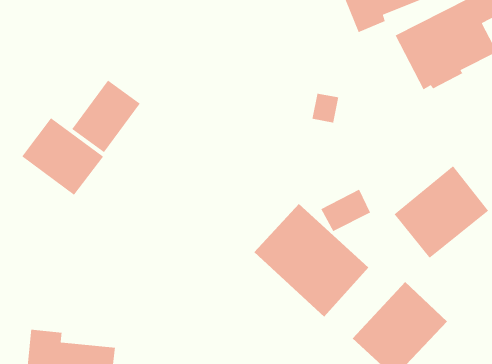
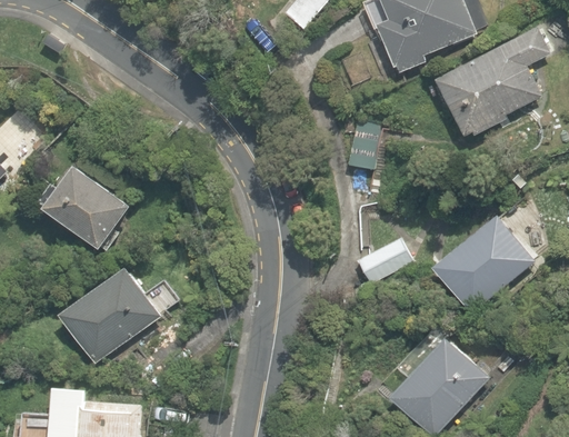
building: [71,80,141,153] -> none
building: [254,203,369,317] -> none
building: none -> [60,267,160,362]

